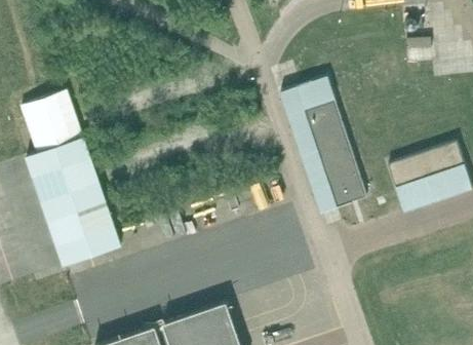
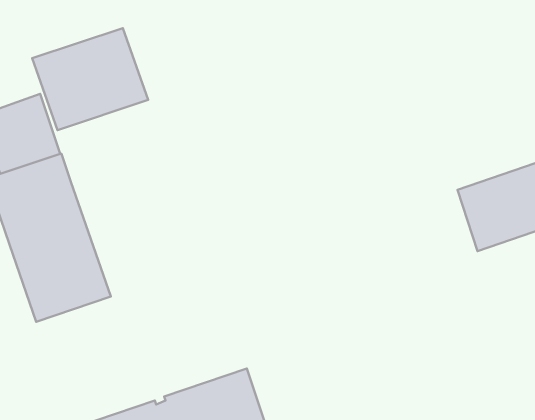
building: none -> [32,28,148,130]
building: [280,77,366,214] -> none

